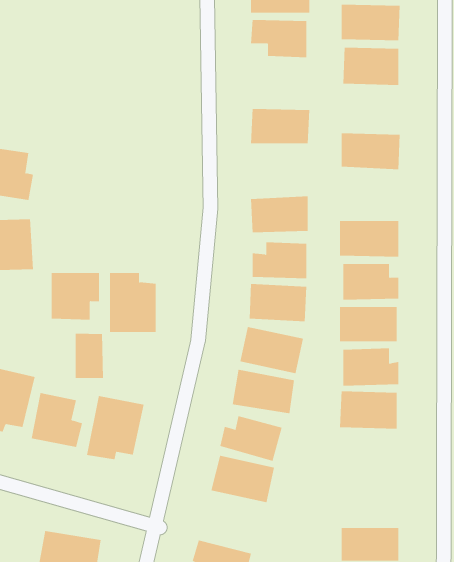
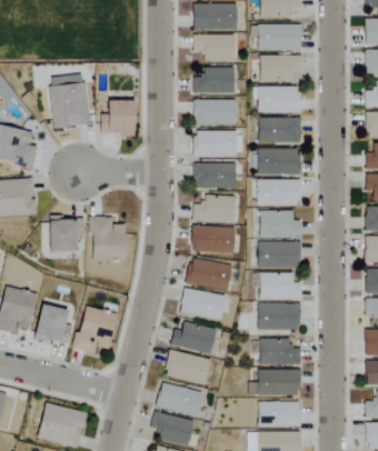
building: none -> [193,67,235,93]
building: none -> [49,73,90,129]
building: none -> [257,87,301,112]
building: none -> [101,100,135,134]
building: none -> [195,130,237,158]
building: none -> [258,149,301,174]
building: [75,333,104,379] -> none
building: none -> [260,339,302,364]
building: none -> [249,370,301,395]
building: none -> [157,382,202,415]

